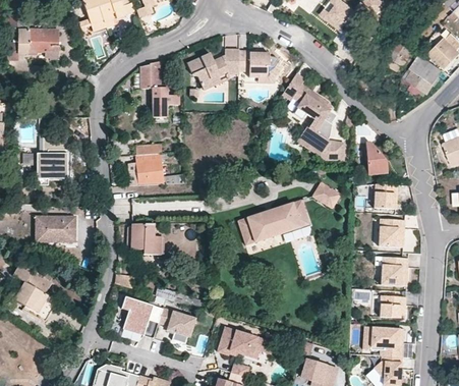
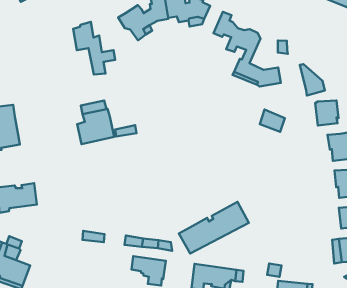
building: [236,200,309,244] -> [179,202,249,254]
building: [127,223,160,256] -> none
building: [122,295,163,333] -> none

